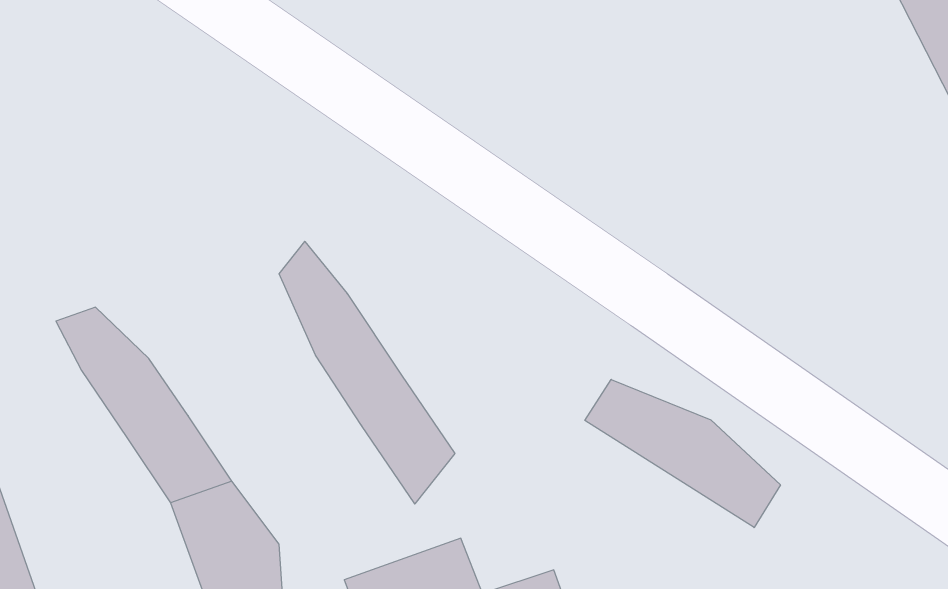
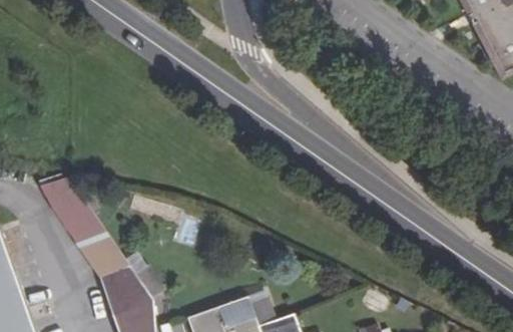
building: [279,241,455,504] -> none
building: [585,379,780,528] -> none

